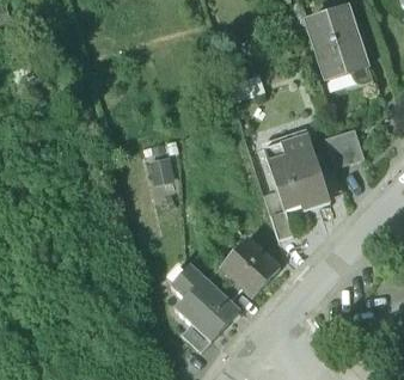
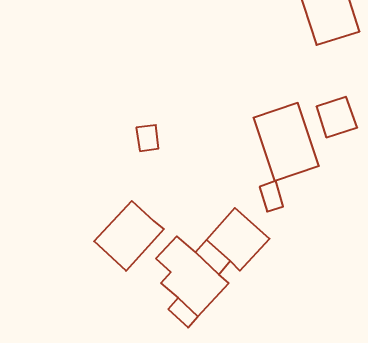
building: none -> [94,201,164,271]

